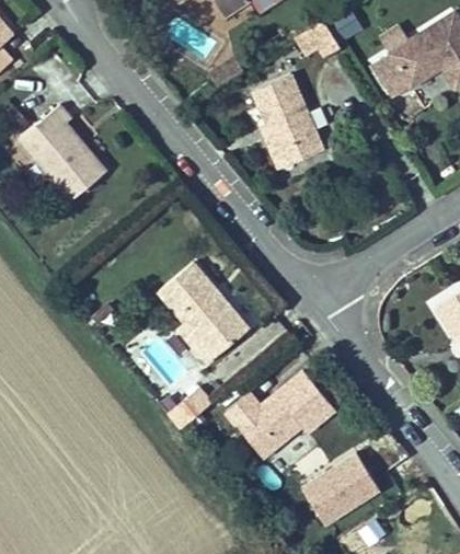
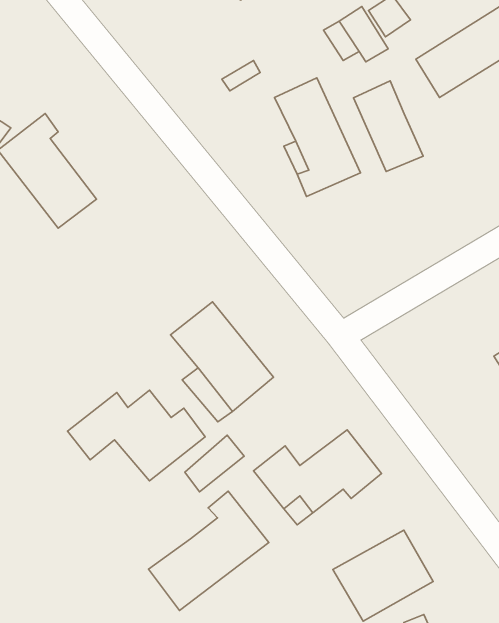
building: none -> [354,81,423,171]
building: none -> [67,390,205,481]
building: none -> [148,491,269,611]

